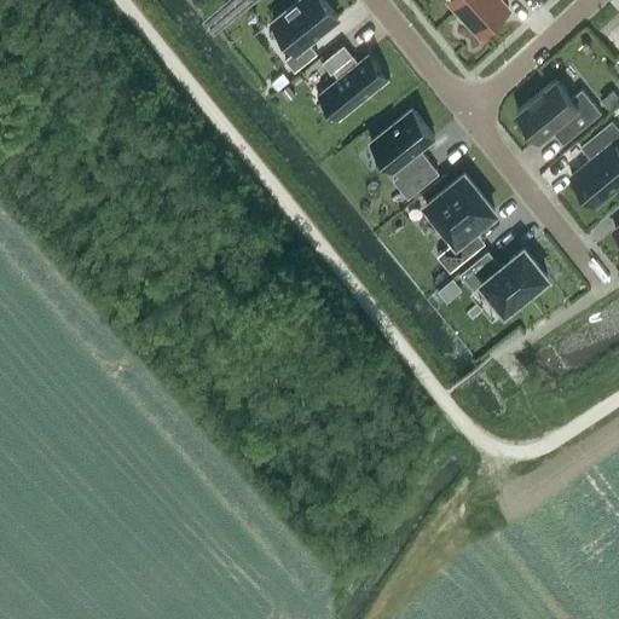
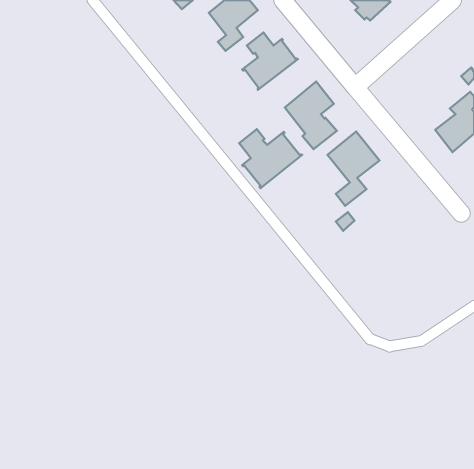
building: [517,82,602,143] -> none
building: none -> [239,129,302,188]
building: [459,251,548,314] -> none

